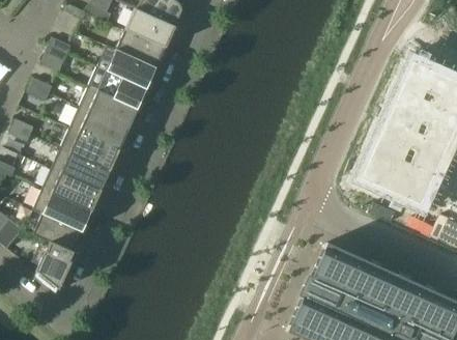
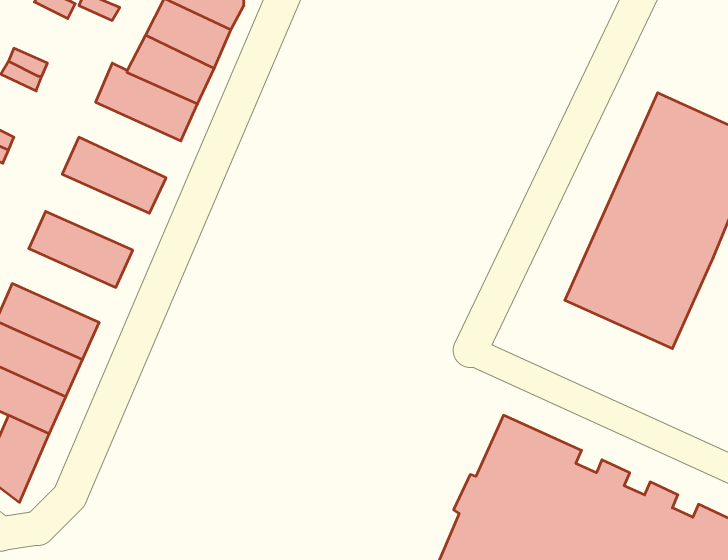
building: [89,66,146,109] -> none
building: [70,107,128,149] -> none
building: [52,148,110,190] -> none

